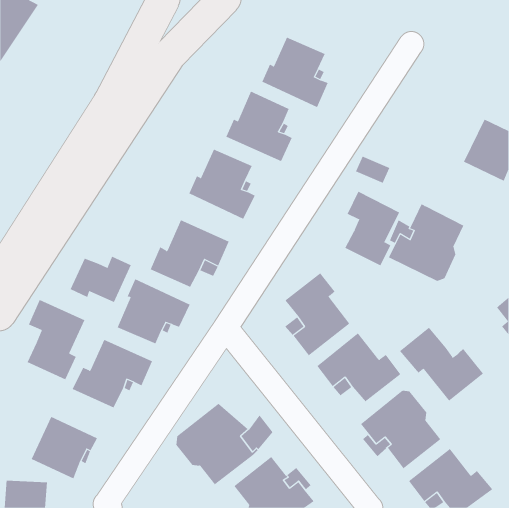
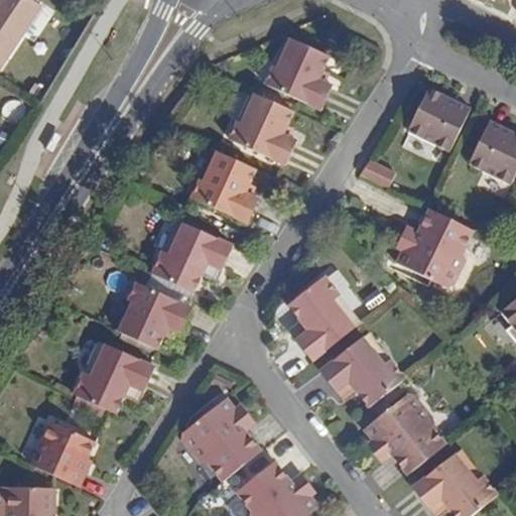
building: none -> [406,87,470,150]
building: [345,191,400,266] -> none
building: [70,256,131,303] -> none
building: [27,299,85,380] -> none
building: [399,327,484,402] -> none

